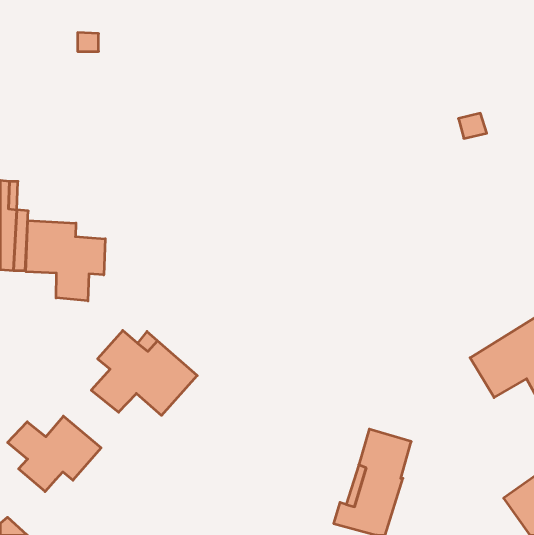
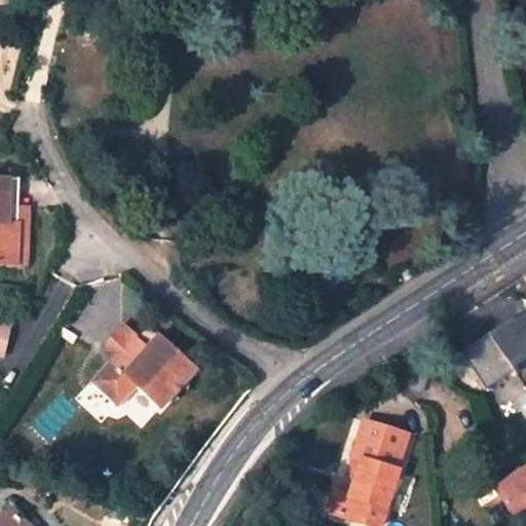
building: [26,221,105,301] -> none
building: [8,416,101,492] -> none

